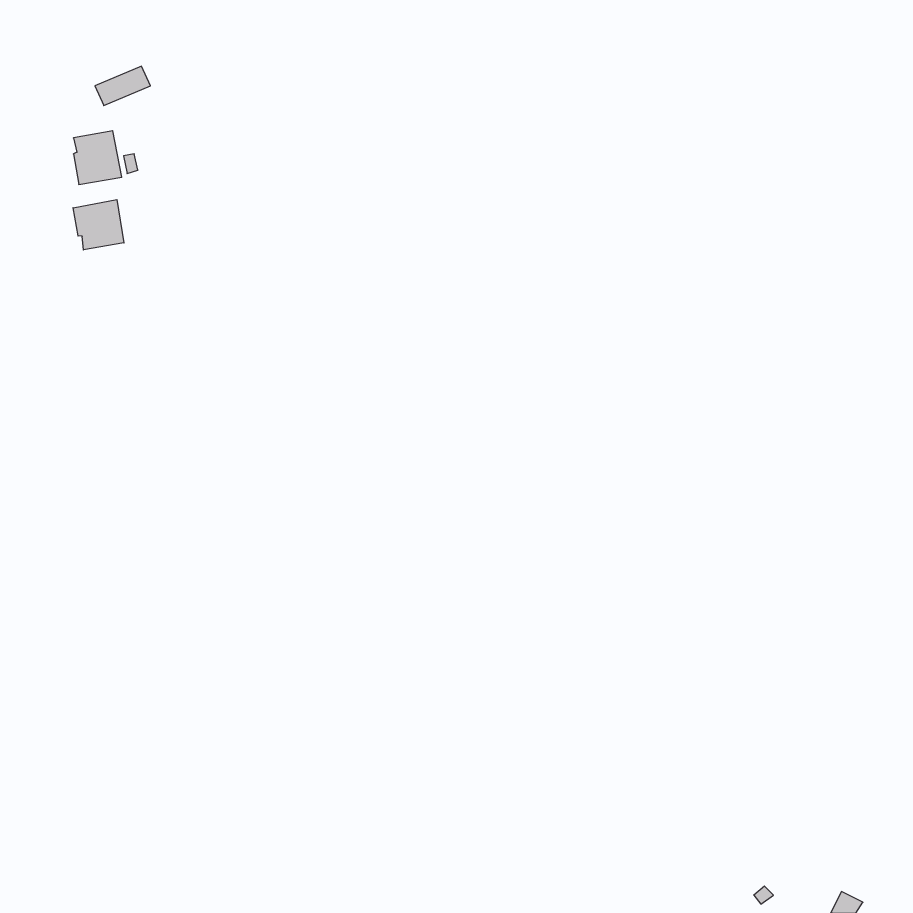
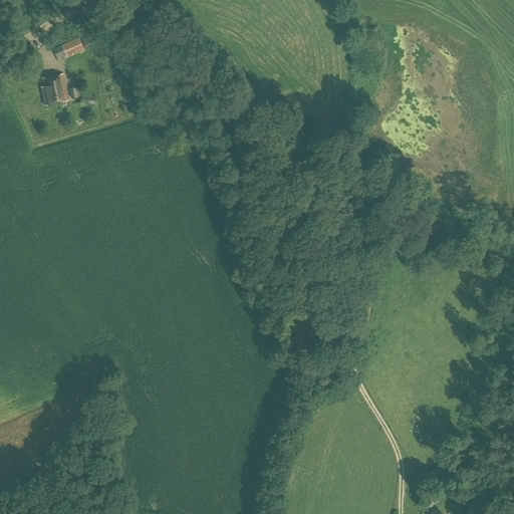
building: [73,200,124,250] -> none

